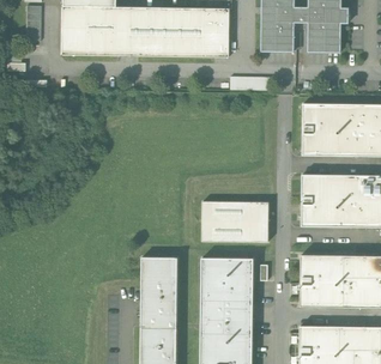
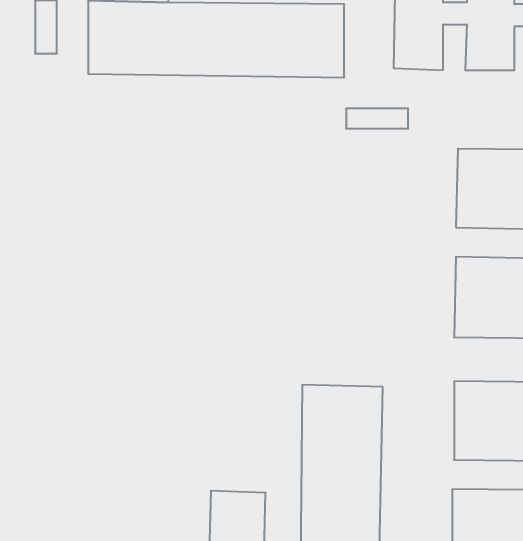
building: [202,201,268,242] -> none
building: [141,256,179,328] -> none

